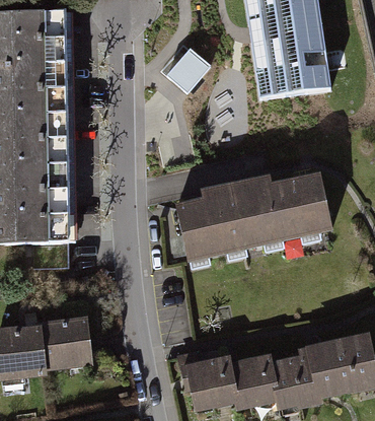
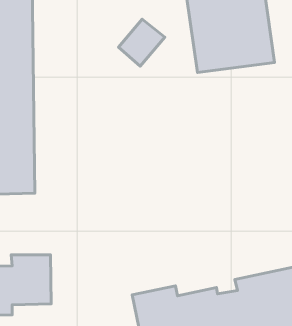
building: [173,169,327,258] -> none

